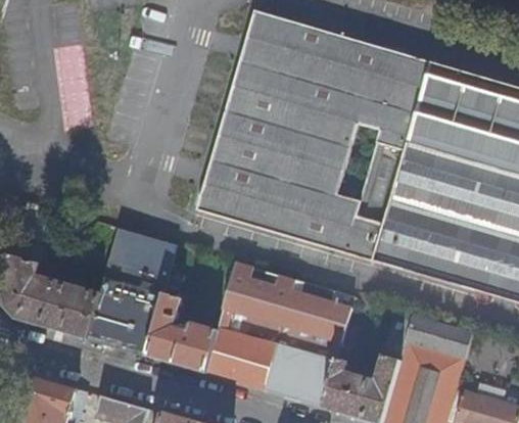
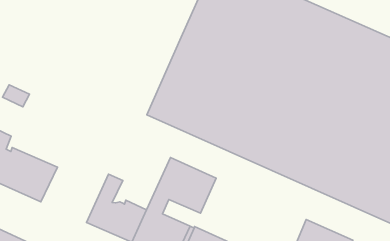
building: [86,228,178,355] -> none
building: [282,279,355,341] -> none

